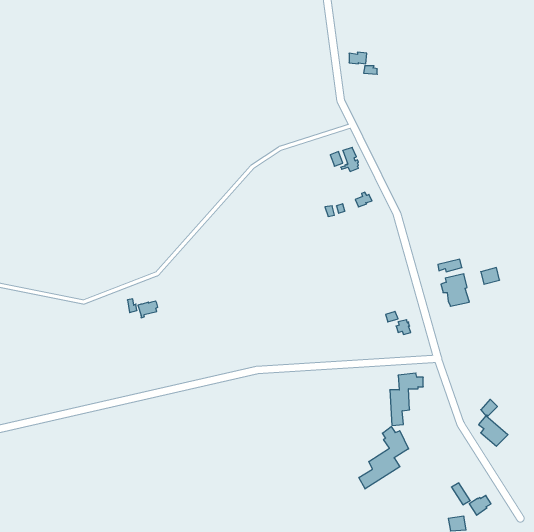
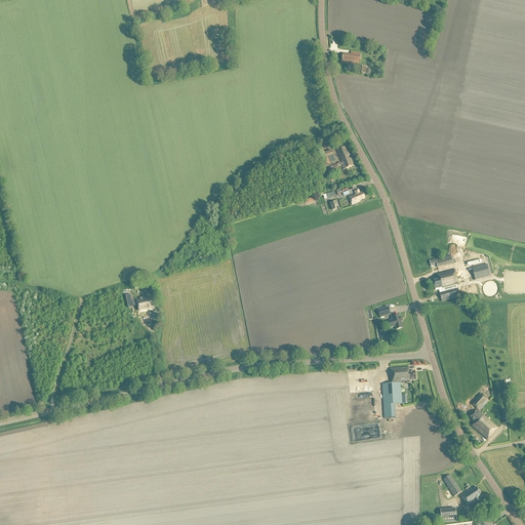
building: [359,427,409,489] -> none

